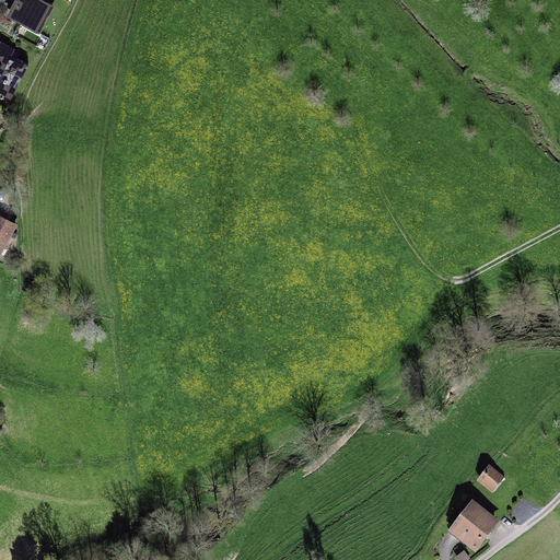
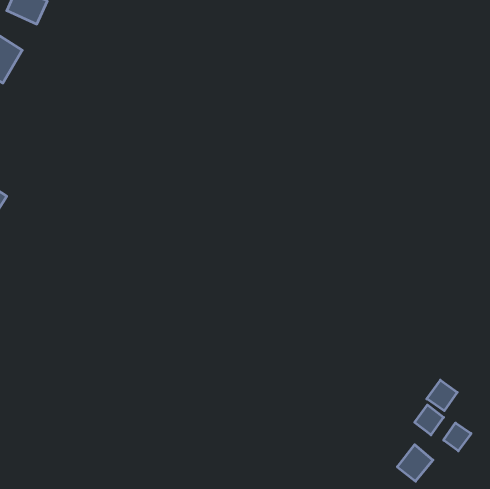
building: none -> [427,380,457,411]
building: none -> [444,423,471,451]

